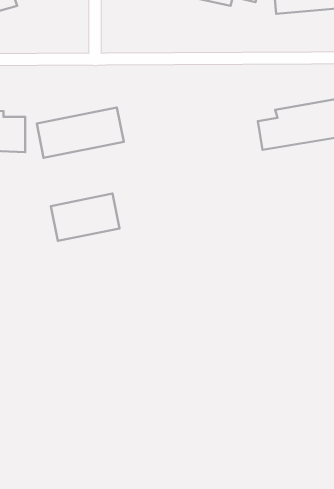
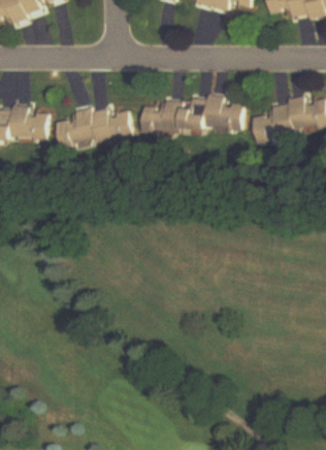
building: none -> [142,100,242,130]
building: [51,194,120,241] -> none

